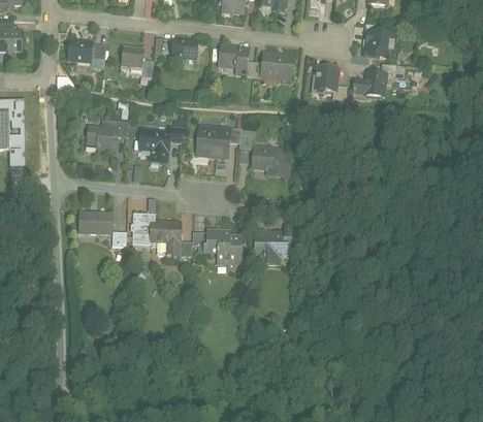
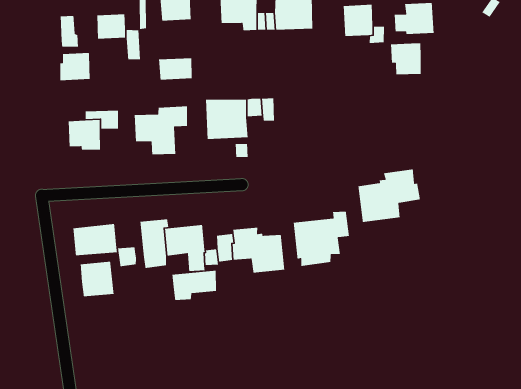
building: [66,37,93,61] -> [59,52,91,81]
building: none -> [158,57,192,80]
building: none -> [390,42,421,75]
building: [252,143,288,176] -> none
building: none -> [358,169,421,223]
building: none -> [80,261,114,297]
building: none -> [171,270,217,301]

